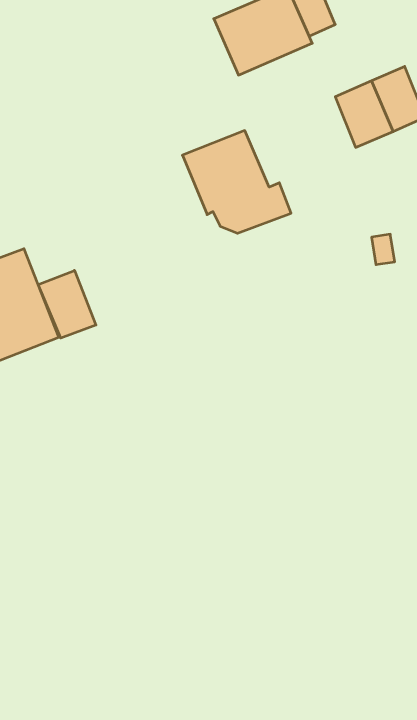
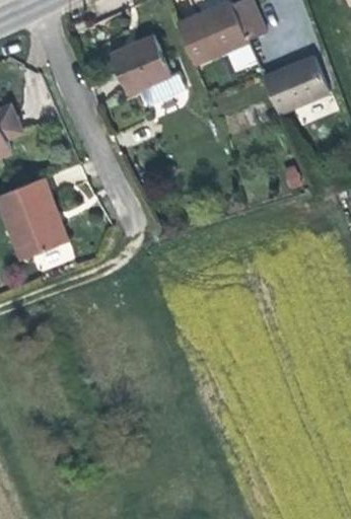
building: [182,131,291,233] -> [111,30,187,102]
building: [38,270,96,338] -> none

